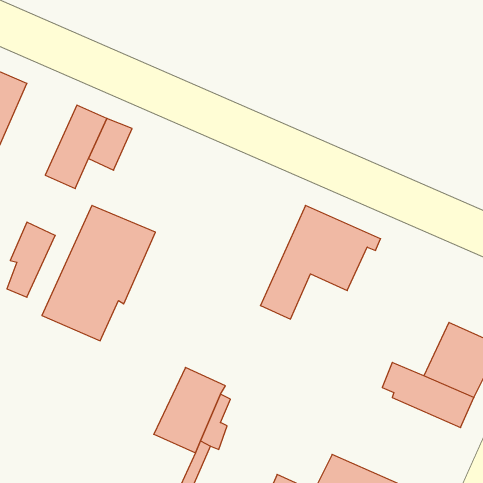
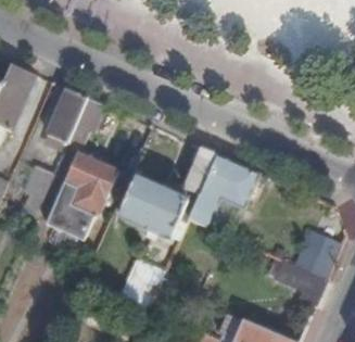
building: none -> [119,148,216,265]

